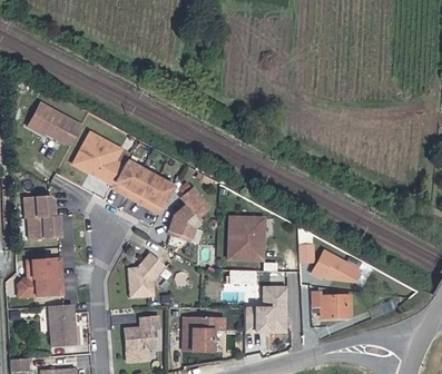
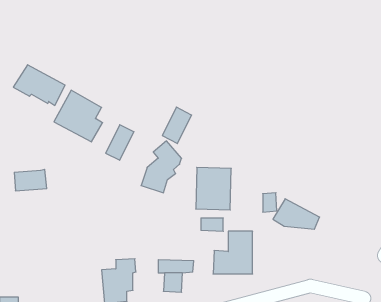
building: [109,158,143,198] -> none
building: [143,175,175,215] -> [162,107,192,144]
building: [22,194,56,219] -> none
building: [127,252,166,298] -> none
building: [18,256,65,299] -> none
building: [311,288,354,315] -> none
building: [48,303,78,347] -> none

